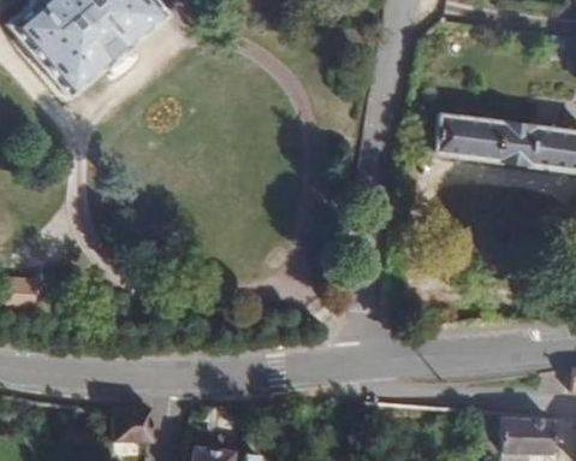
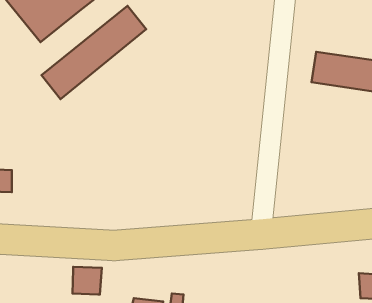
building: none -> [41,6,146,99]

